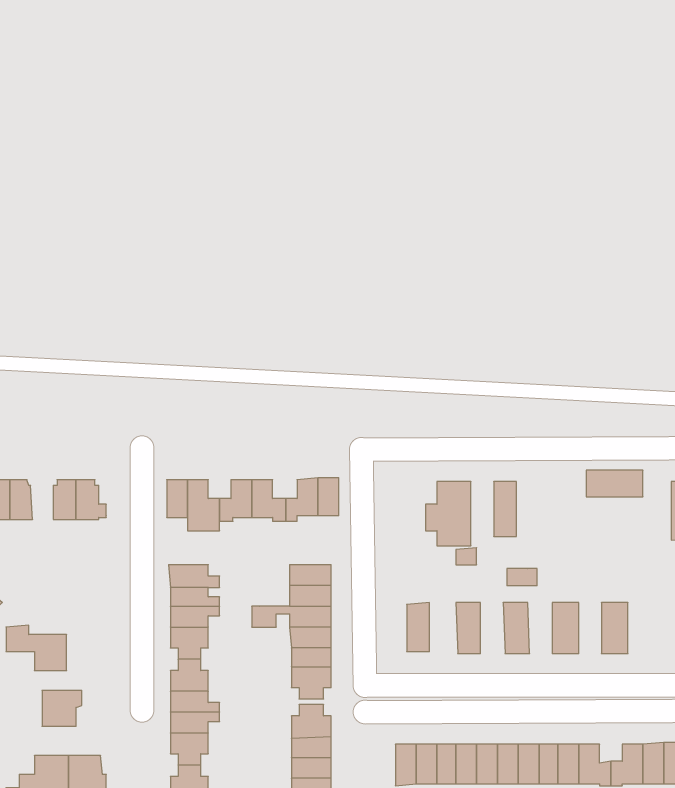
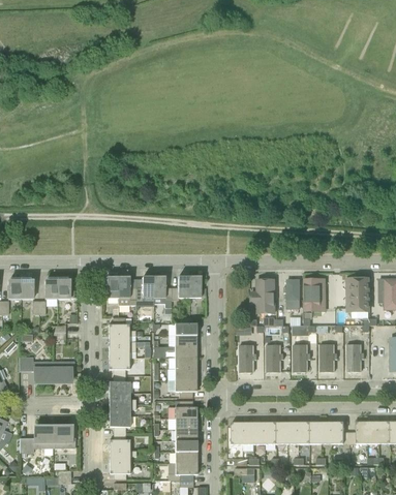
building: none -> [309,278,326,311]
building: none -> [351,287,367,312]
building: [42,690,82,726] -> [53,362,74,381]

